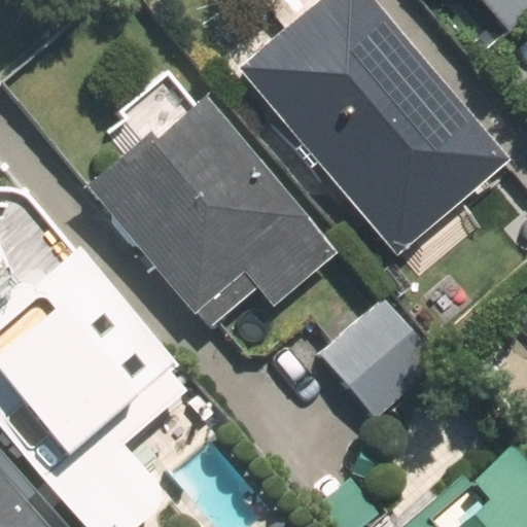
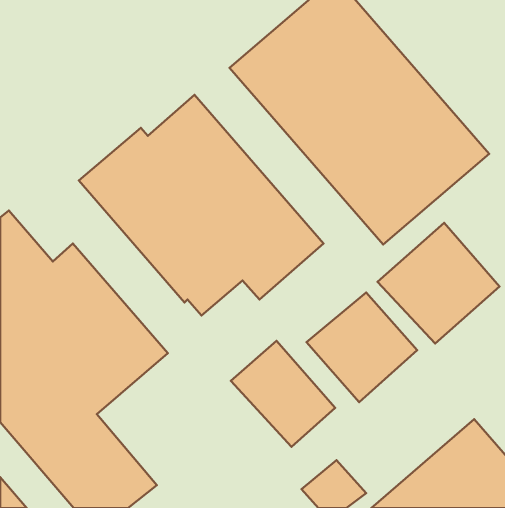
building: none -> [377,223,500,344]
building: none -> [231,341,335,447]

